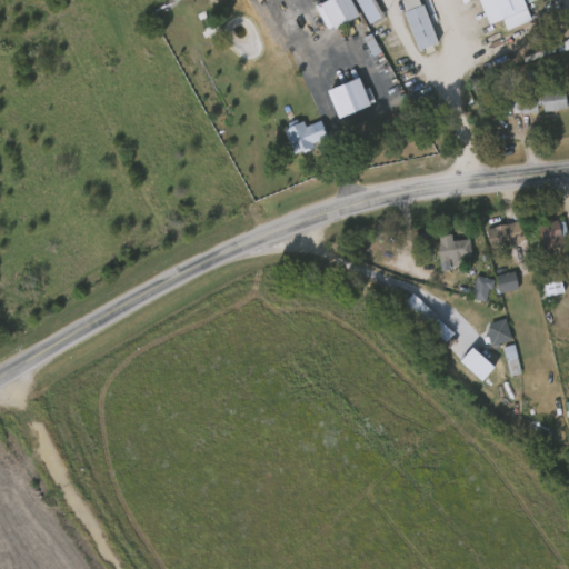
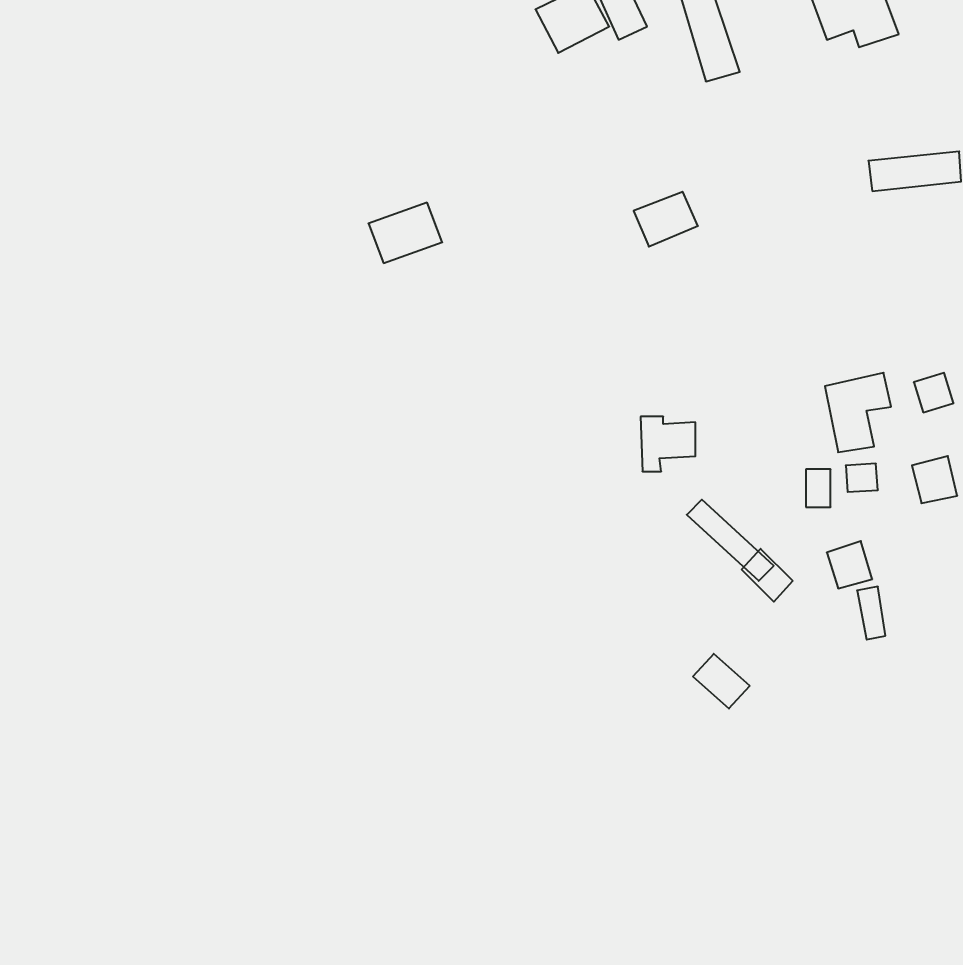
building: [331,83,369,116] -> [634,192,698,247]
building: [286,116,329,151] -> [368,203,442,263]
building: [439,233,471,266] -> [641,417,695,471]
building: [462,348,496,380] -> [693,654,750,709]

